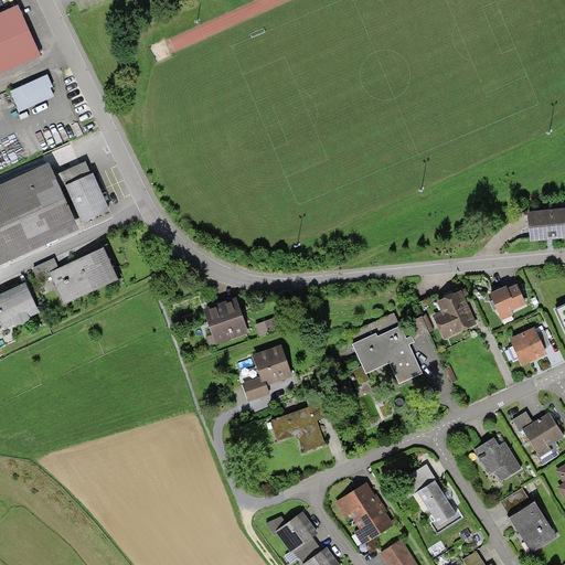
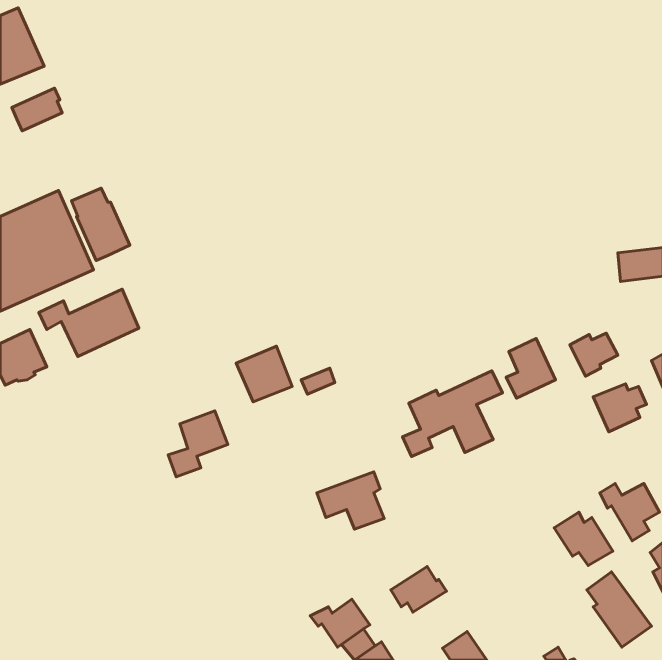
building: [243,344,294,401] -> [168,411,228,477]
building: [414,478,457,526] -> none
building: [352,503,391,544] -> none

